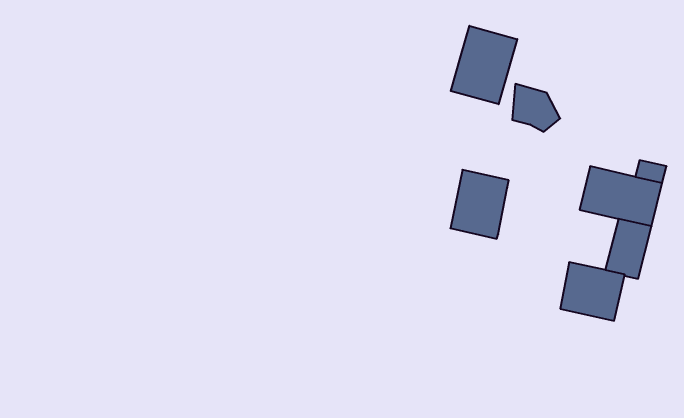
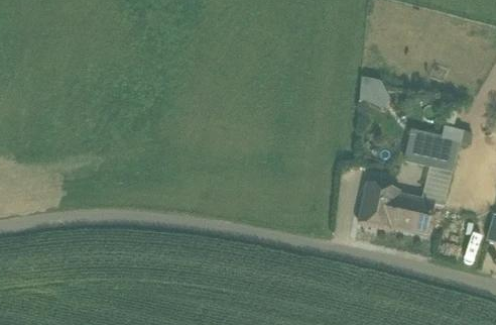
building: [451,26,517,104] -> none
building: [450,170,509,239] -> [359,182,398,228]

